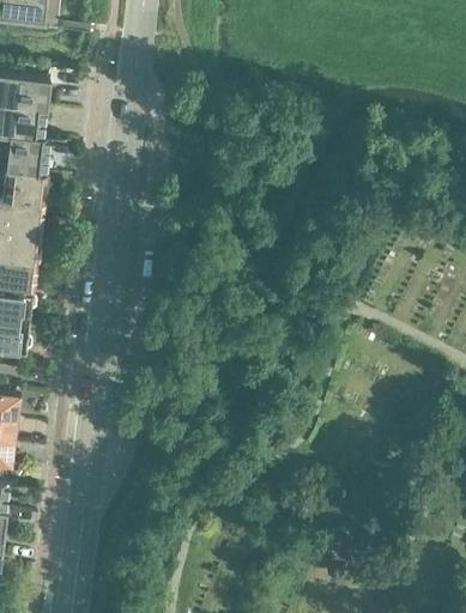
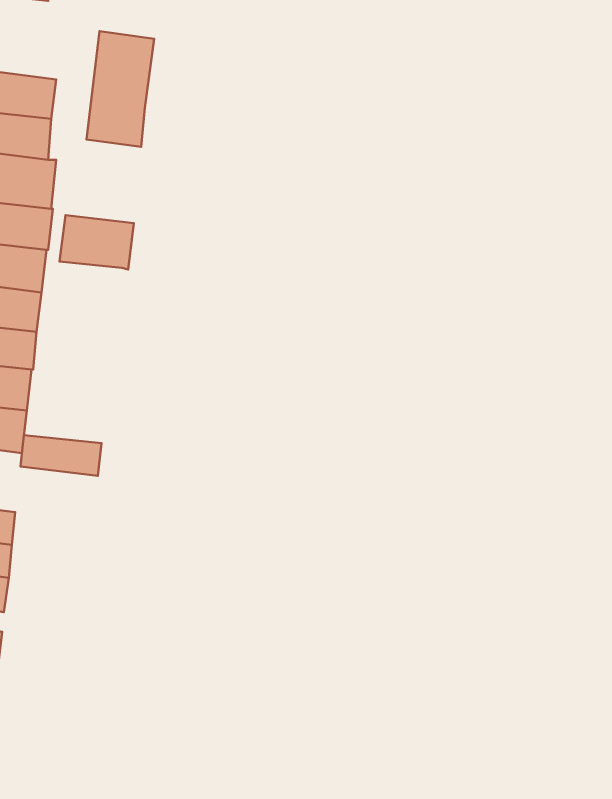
building: none -> [87,31,154,147]
building: none -> [60,215,134,270]
building: none -> [20,435,101,476]

